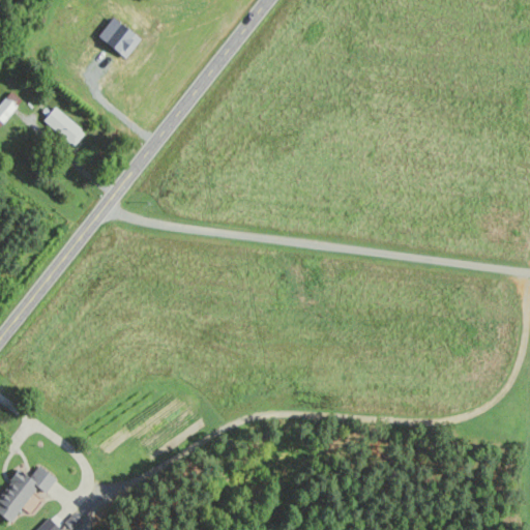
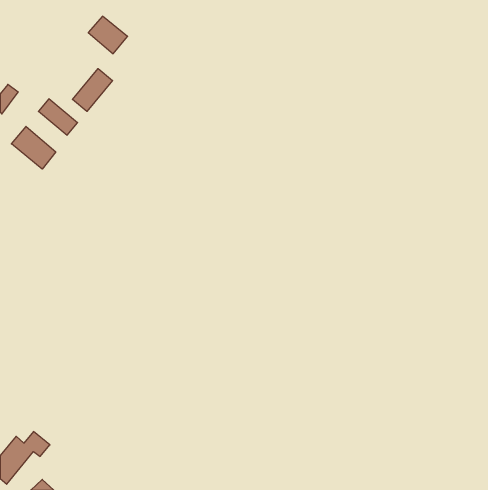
building: none -> [72,69,113,111]
building: none -> [11,126,56,169]

